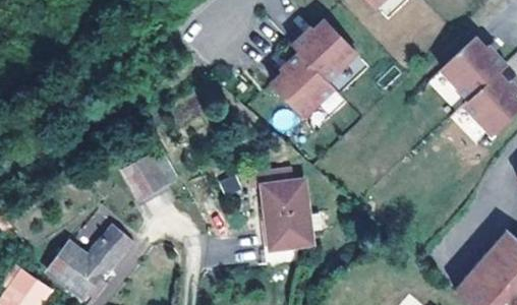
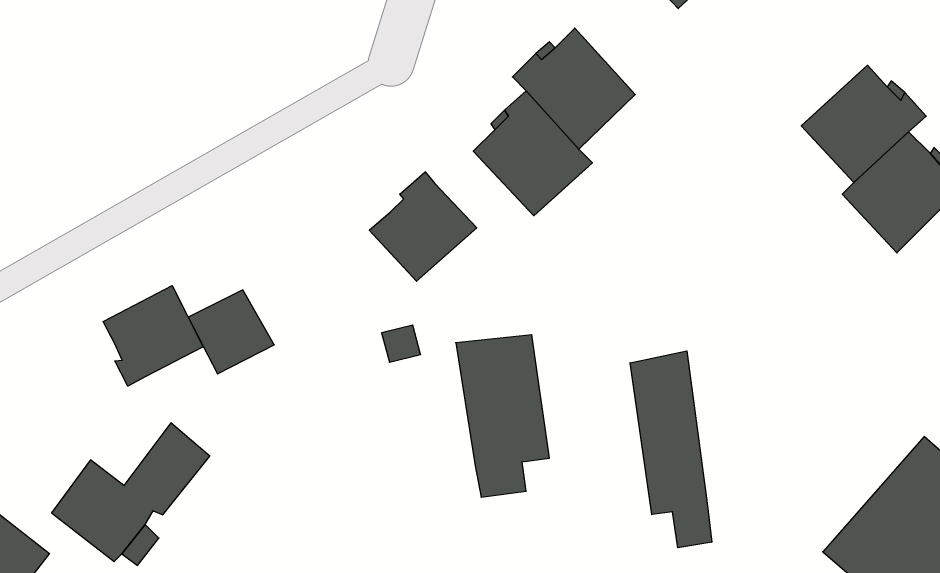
building: none -> [369,172,477,281]
building: none -> [103,286,203,386]
building: none -> [630,351,712,548]

